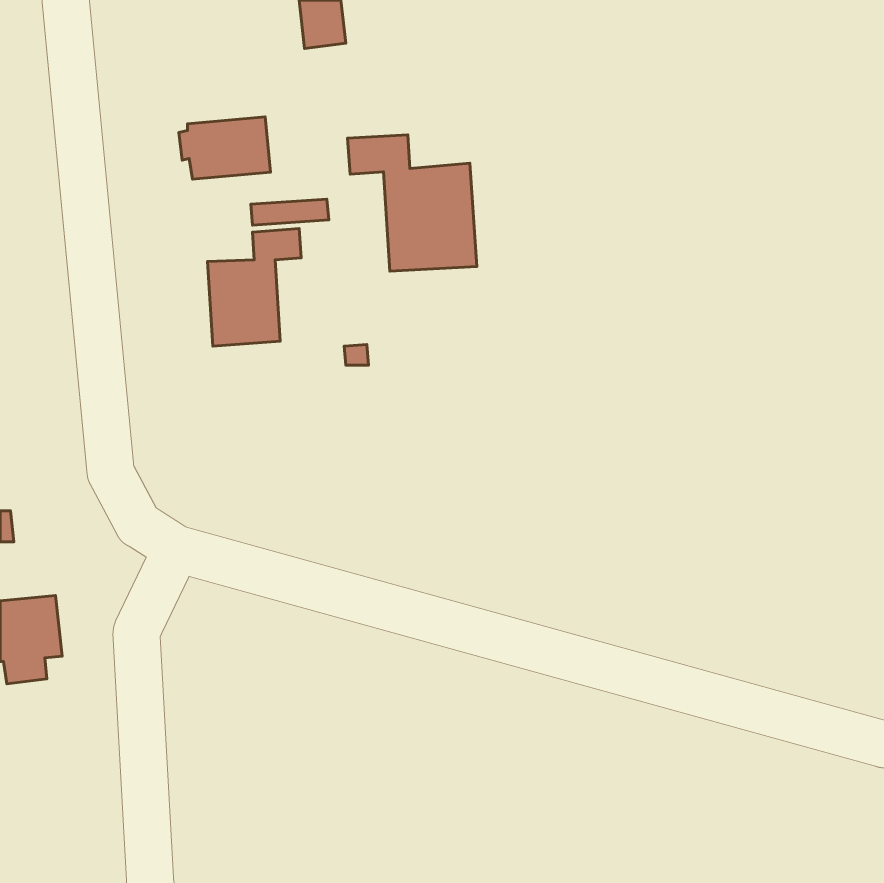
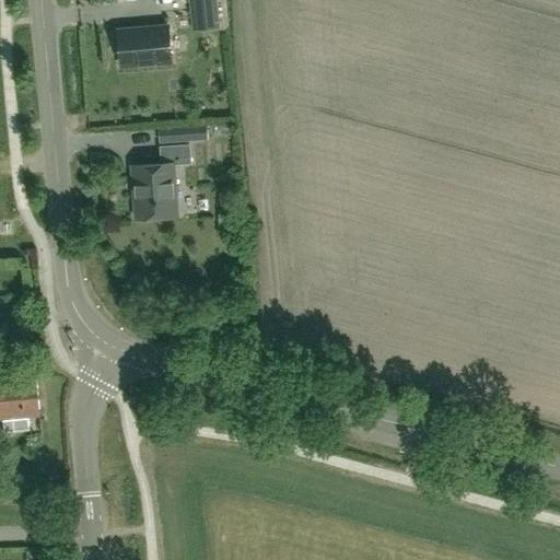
building: [179,117,270,179] -> [113,27,171,67]
building: [348,135,477,271] -> none

